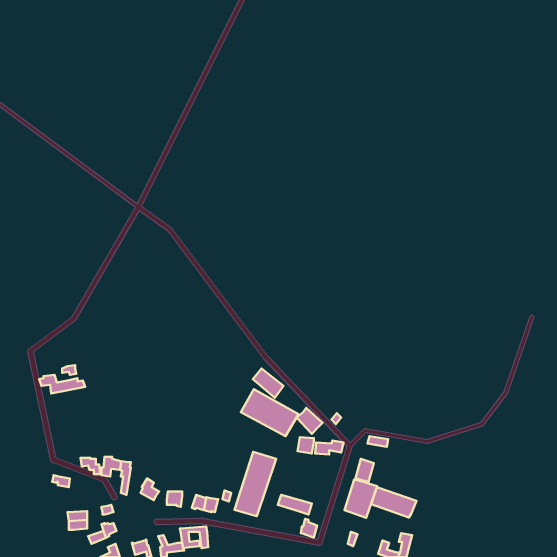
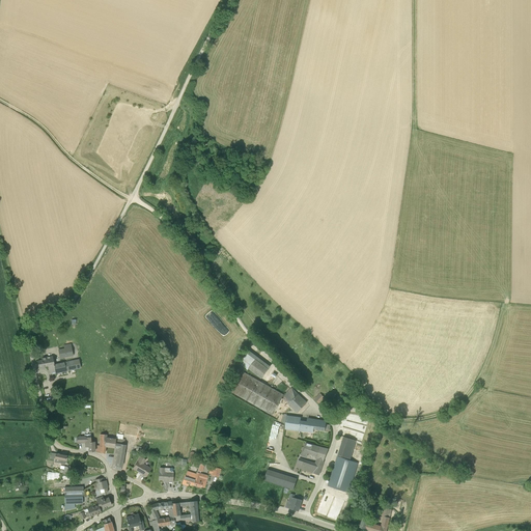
building: [235,452,276,516] -> none
building: none -> [297,440,329,475]
building: [371,487,416,518] -> none

